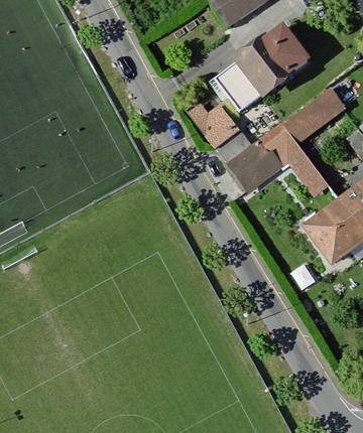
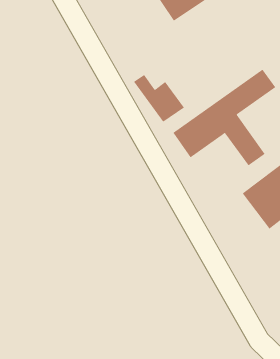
building: [218,24,317,105] -> none

